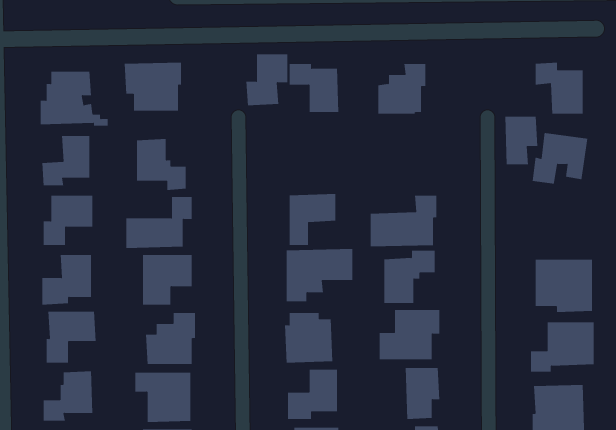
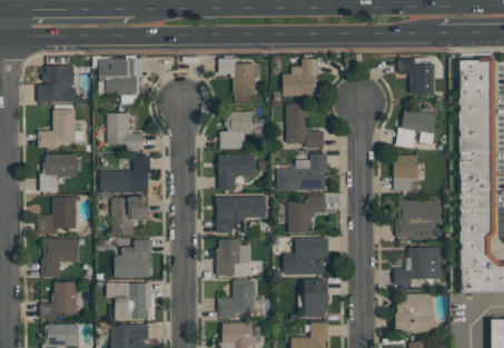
building: [246,54,288,106] -> [219,111,250,149]
building: [504,116,538,165] -> [393,156,417,191]
building: none -> [286,106,323,148]

